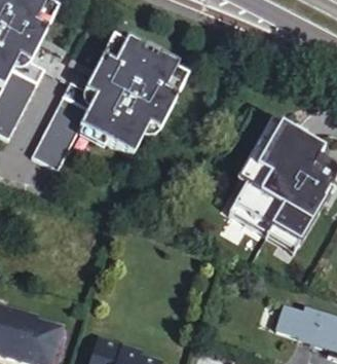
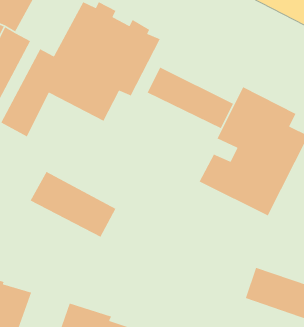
building: none -> [146,67,234,129]
building: none -> [30,171,117,238]

